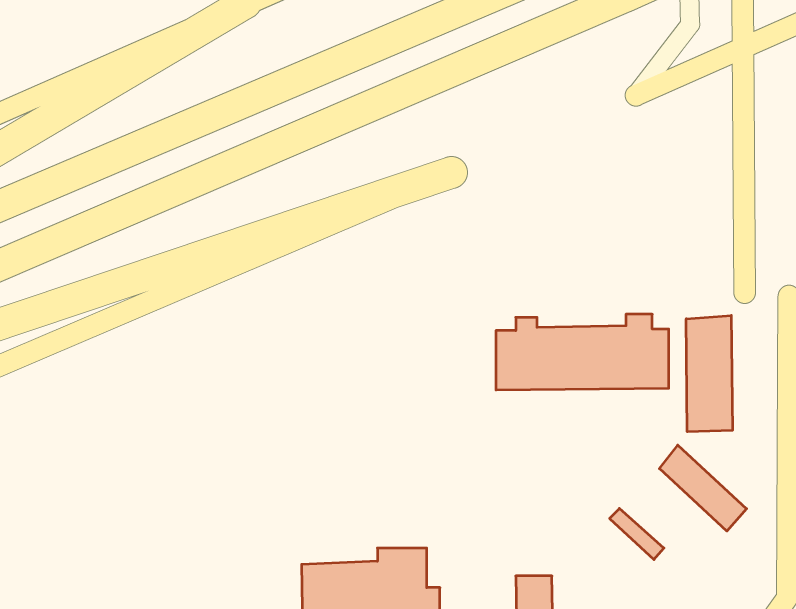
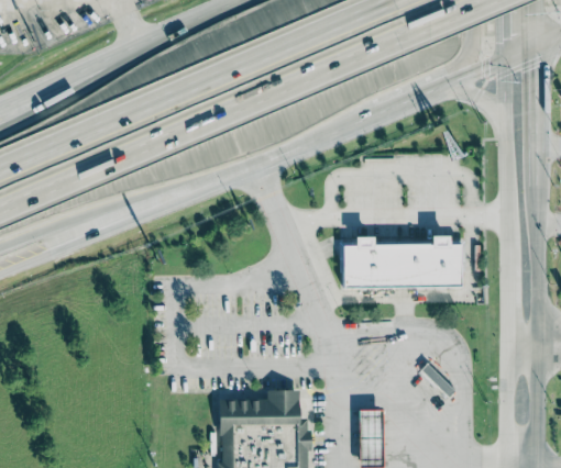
building: [686,315,732,432] -> none
building: [659,445,747,531] -> none

